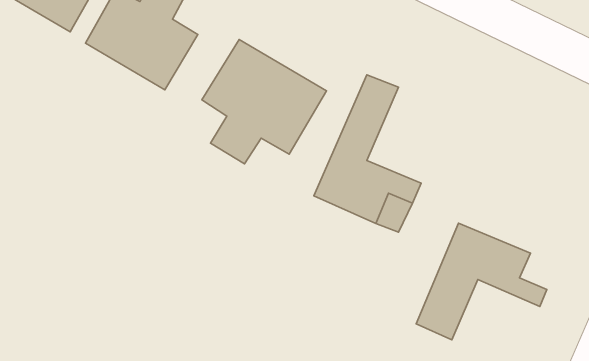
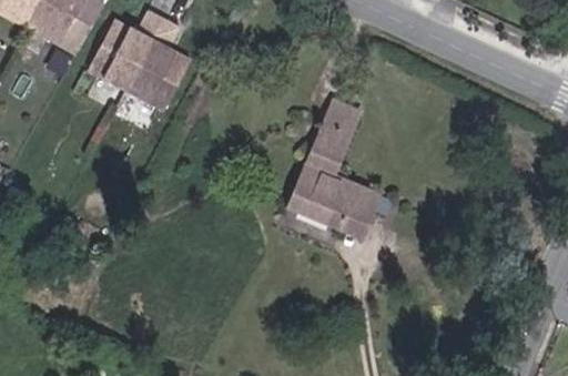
building: [202,40,326,164] -> none
building: [416,223,547,340] -> none

